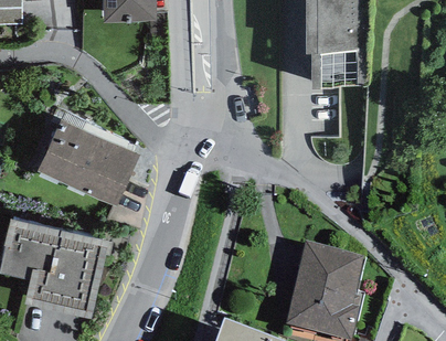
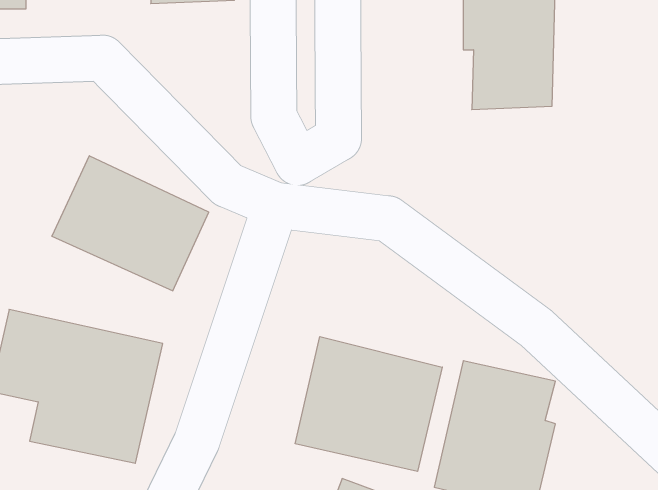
building: none -> [295,337,442,471]

